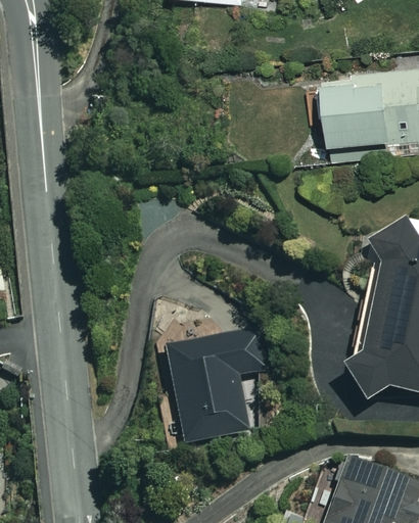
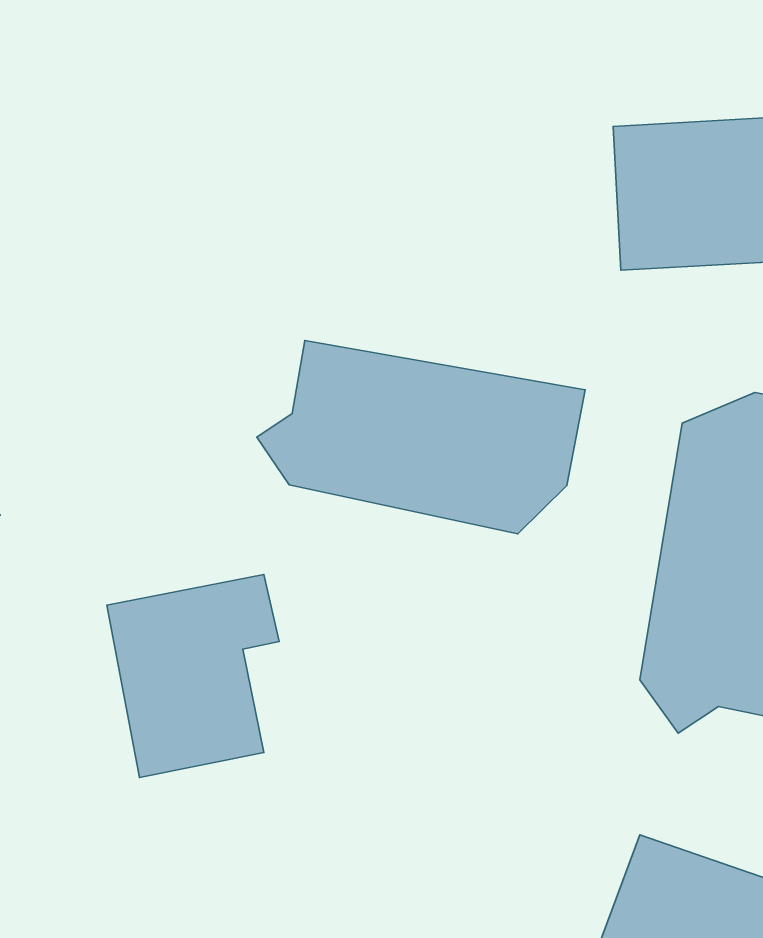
building: none -> [257,341,585,534]
building: [165,330,257,438] -> [107,575,279,777]

